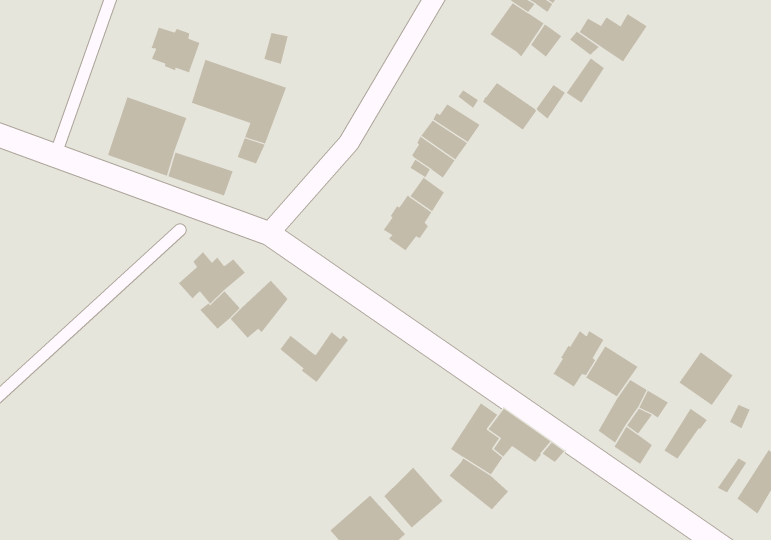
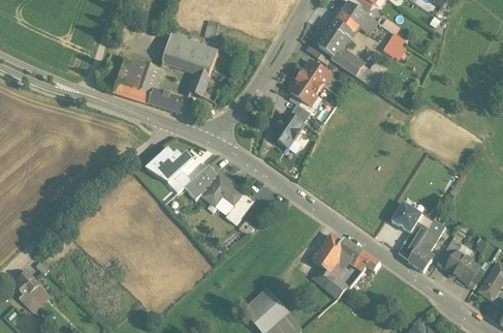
building: [579,13,647,62] -> none
building: [151,27,200,73] -> none
building: none -> [319,21,351,57]
building: none -> [203,175,244,207]
building: [552,330,604,388] -> none
building: [678,352,734,406] -> [445,250,477,281]
building: [384,467,444,529] -> none

